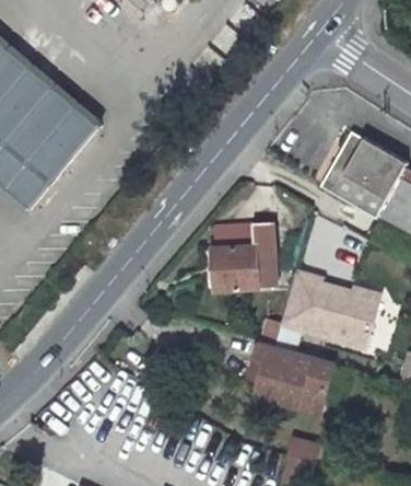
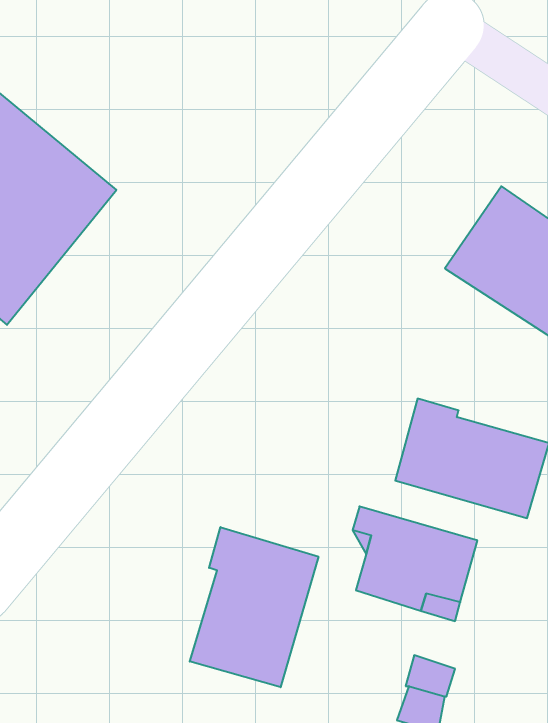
building: [214,220,277,288] -> none
building: none -> [190,527,318,687]

